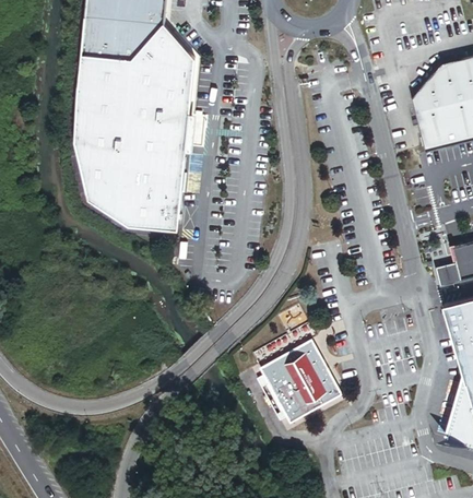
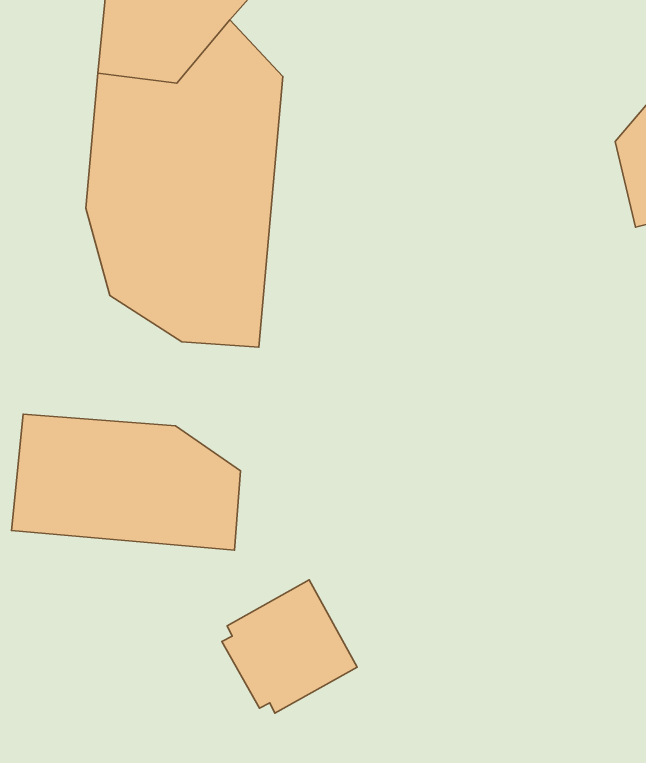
building: none -> [12,414,240,550]
building: [255,337,341,423] -> [222,580,357,713]

